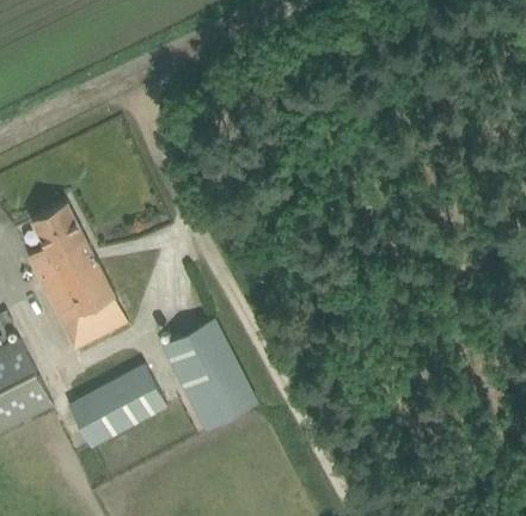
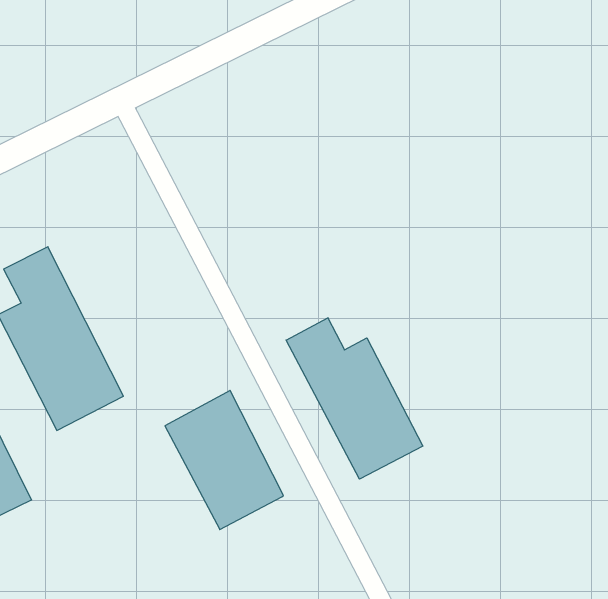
building: none -> [286,318,423,479]
building: [67,364,166,448] -> none

